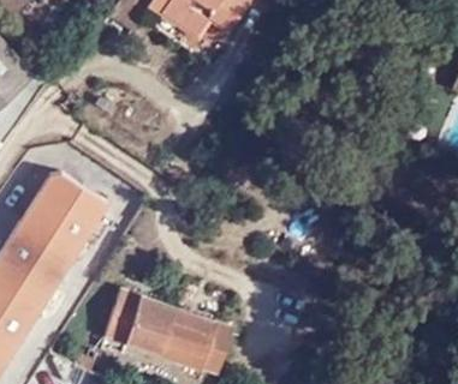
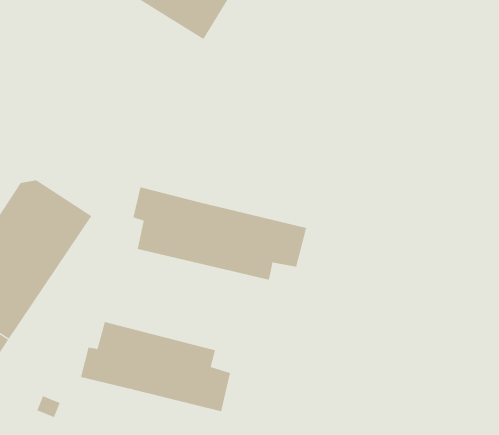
building: none -> [133,187,307,280]

